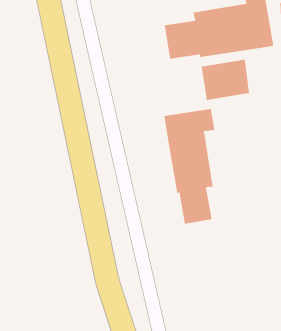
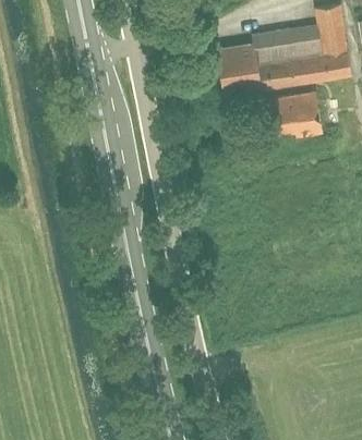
building: [164,108,215,224] -> none

